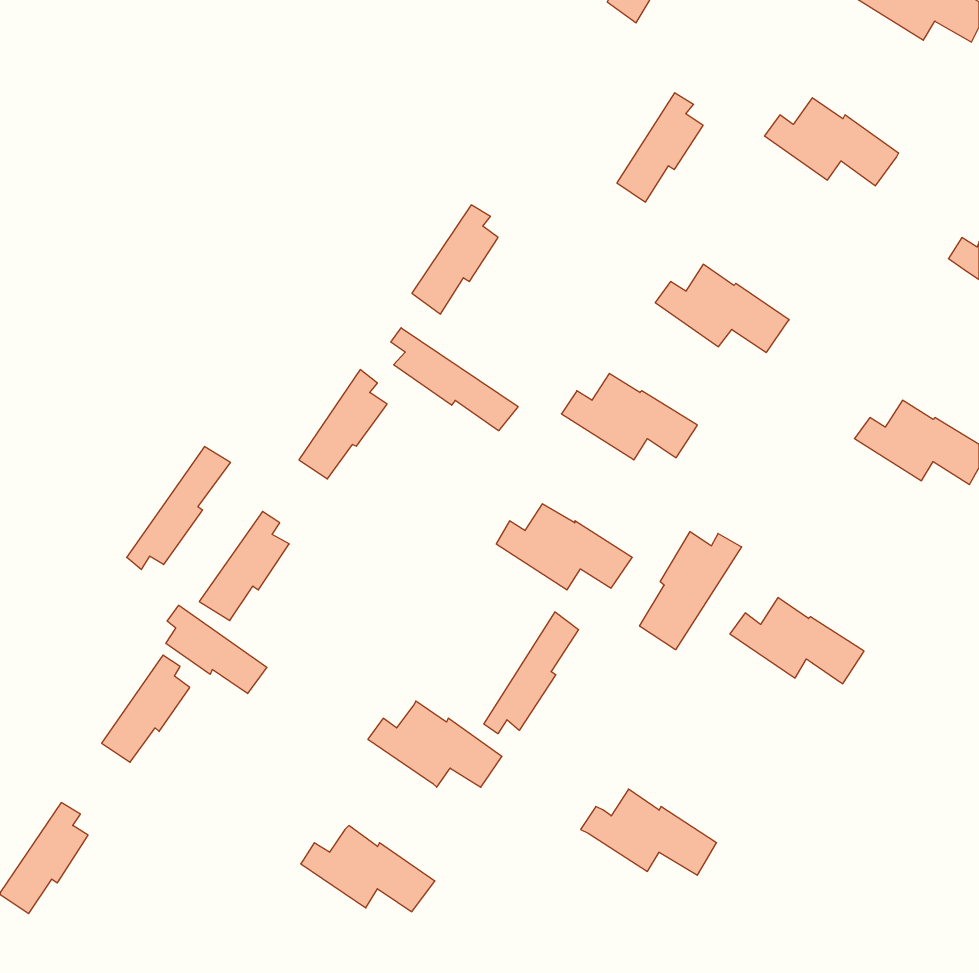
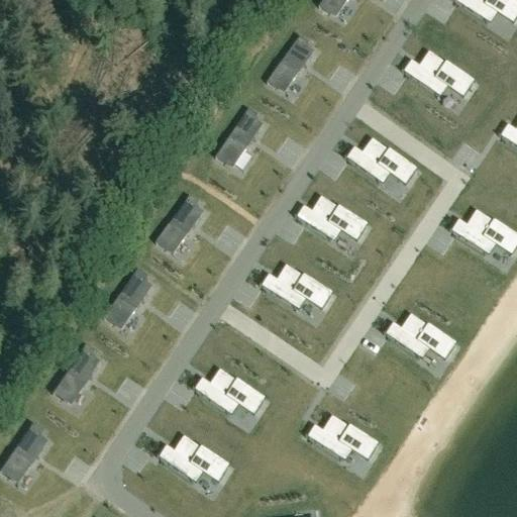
building: [617,93,703,202] -> [269,32,314,90]
building: [391,328,518,431] -> none
building: [127,446,230,570] -> none
building: [640,532,742,650] -> none
building: [166,605,267,694] -> none
building: [484,612,579,734] -> none

